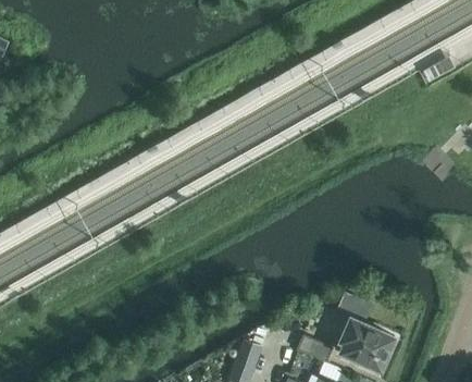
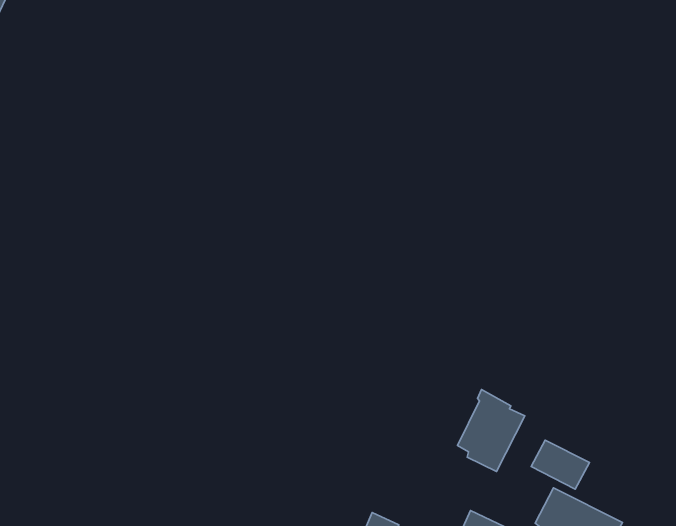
building: none -> [457,389,525,472]

